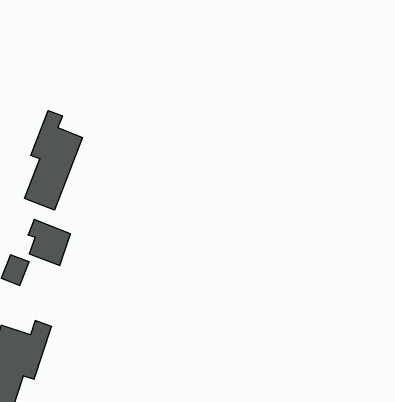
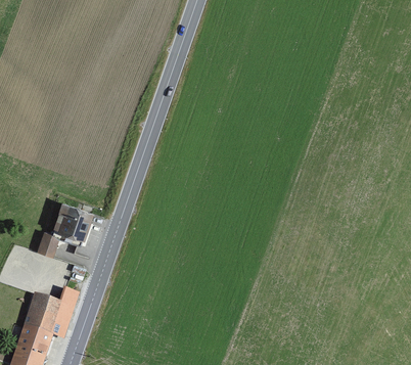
building: [24,111,83,210] -> none

